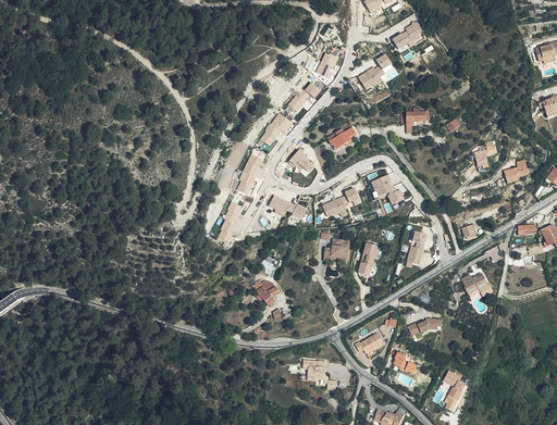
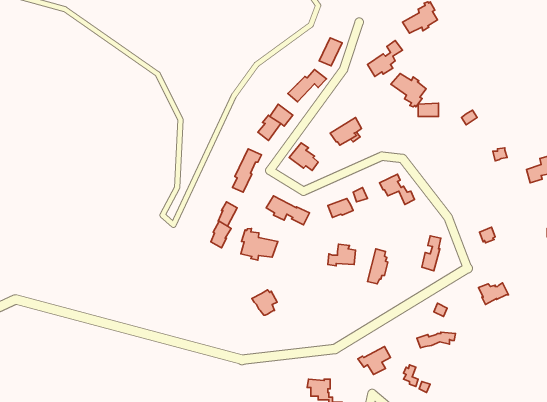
building: none -> [391,73,426,107]
building: none -> [241,229,278,260]

